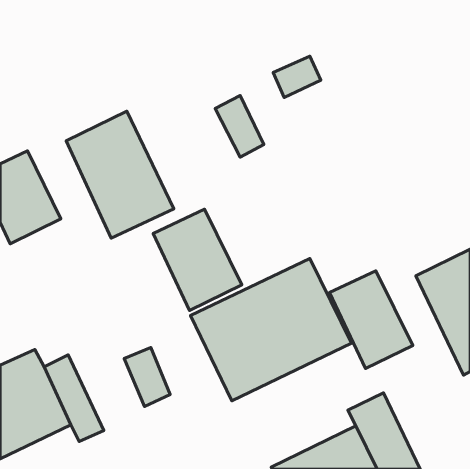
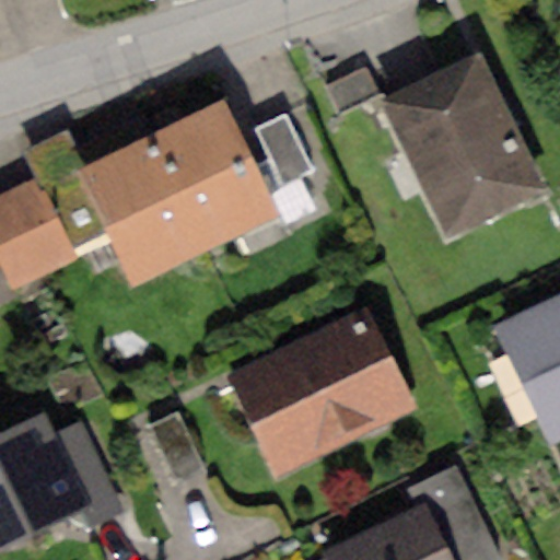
building: none -> [382,57,545,237]
building: none -> [151,98,278,248]
building: [153,209,242,310] -> none
building: [329,271,413,368] -> none

